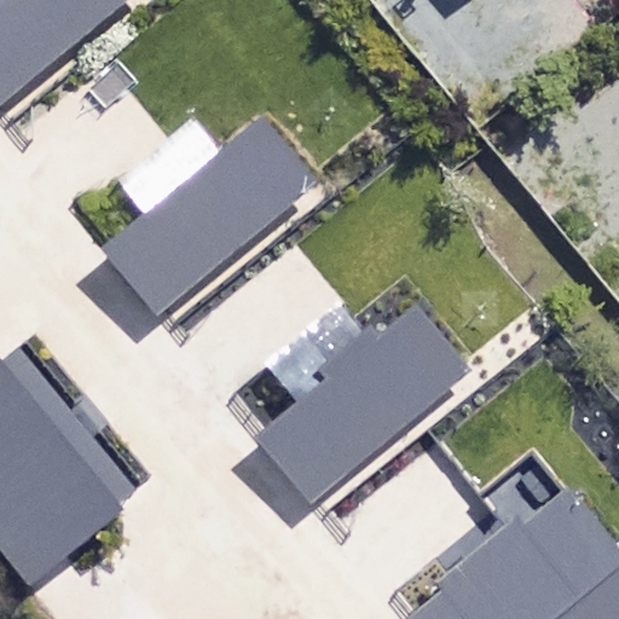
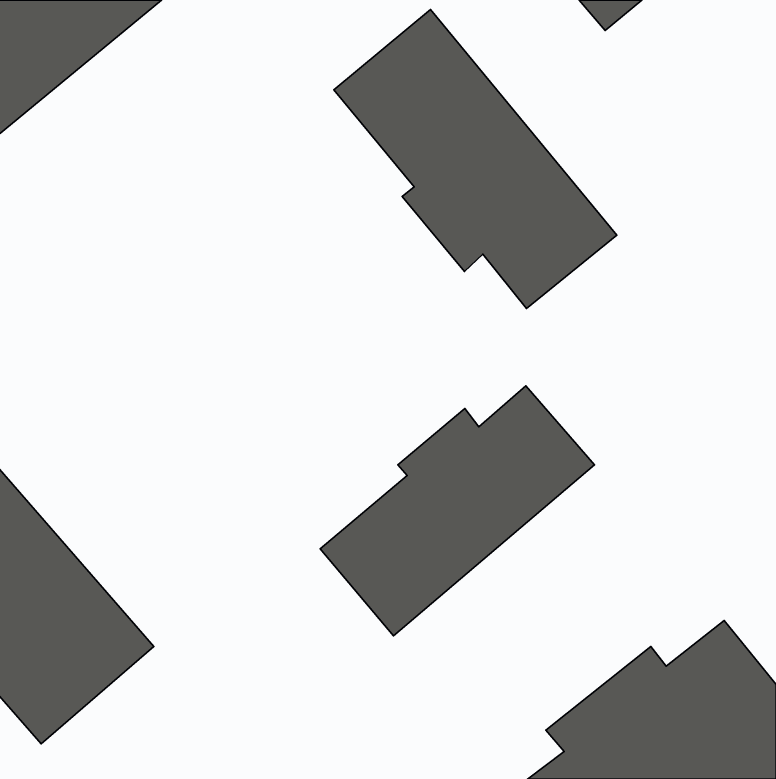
building: none -> [334,9,617,308]
building: [108,115,322,316] -> none

